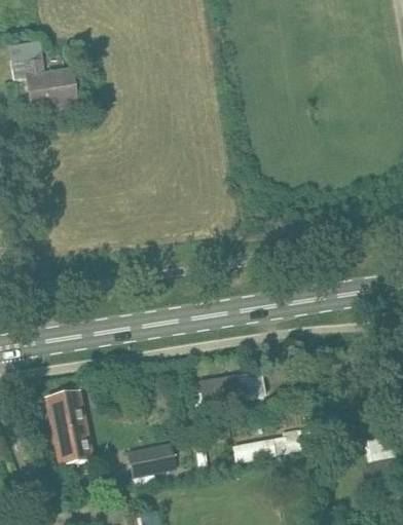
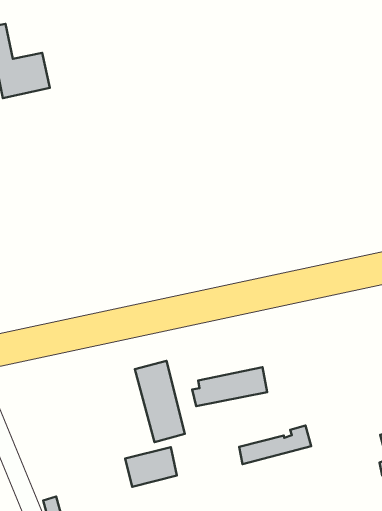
building: [48,389,91,464] -> [135,361,185,442]

